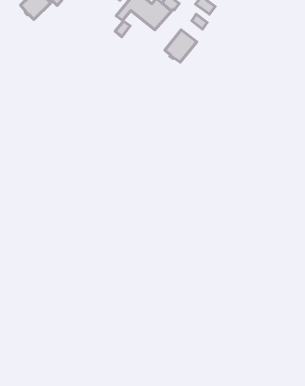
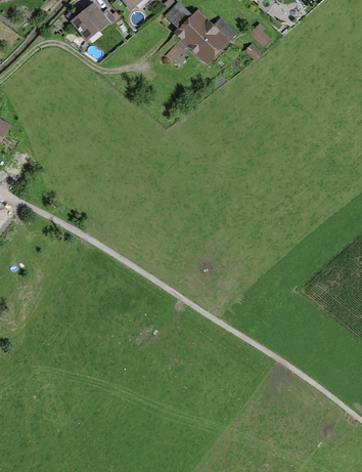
building: [165,30,197,62] -> none

